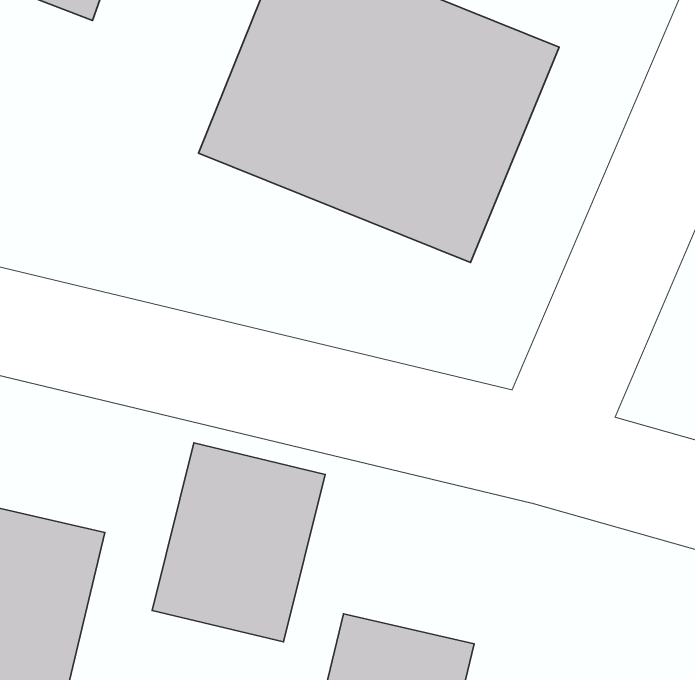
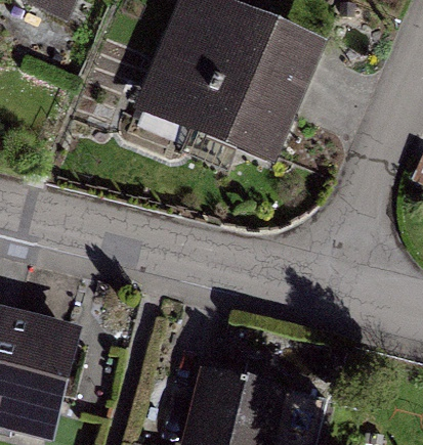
building: [152,443,325,642] -> none

